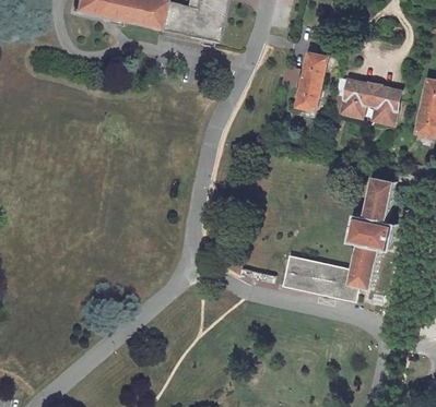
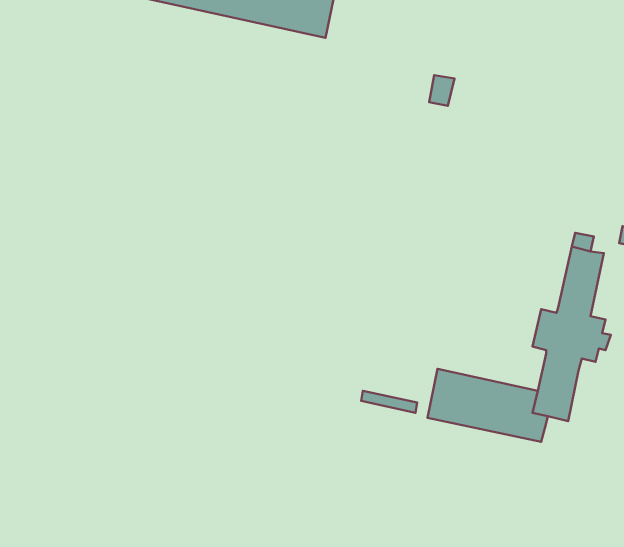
building: [295,51,327,117] -> none
building: [330,79,400,123] -> none

